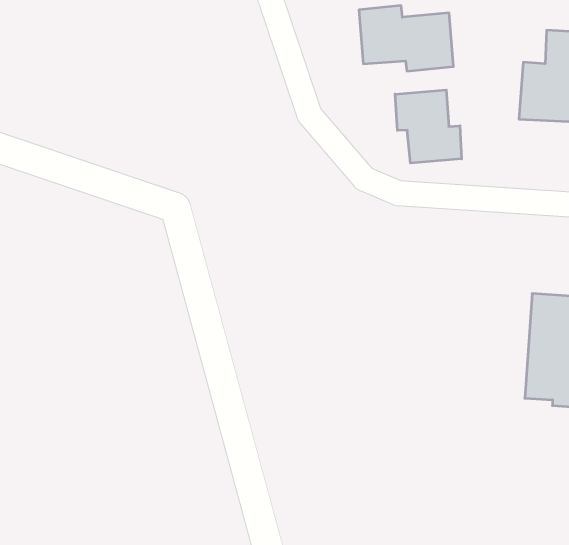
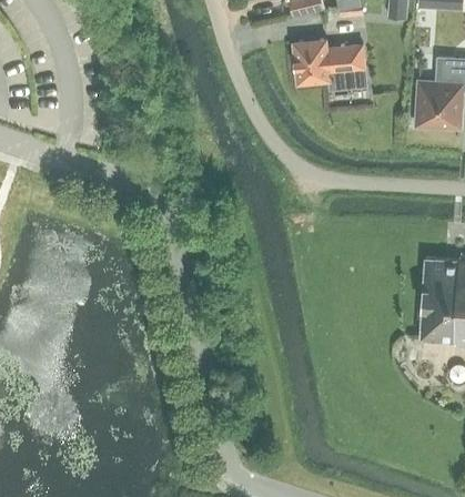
building: [395,90,462,163] -> none

